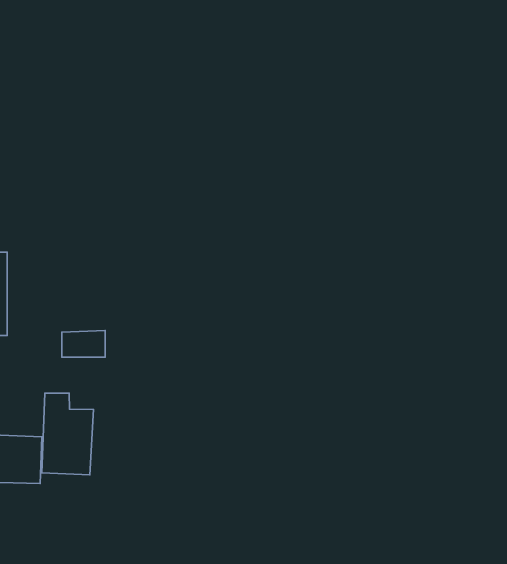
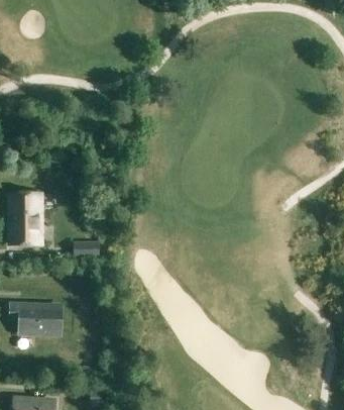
building: [42,393,94,475] -> none

